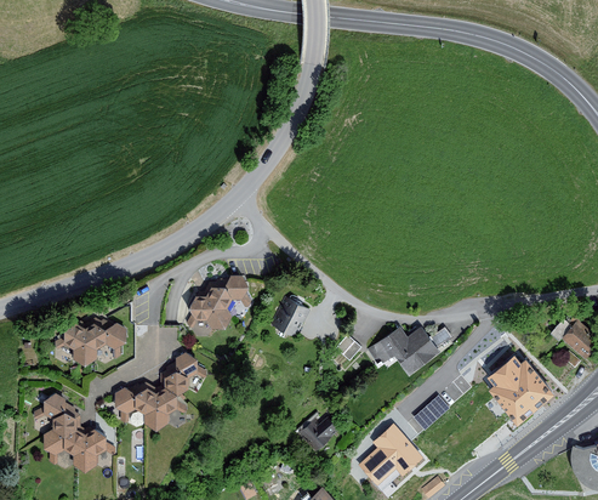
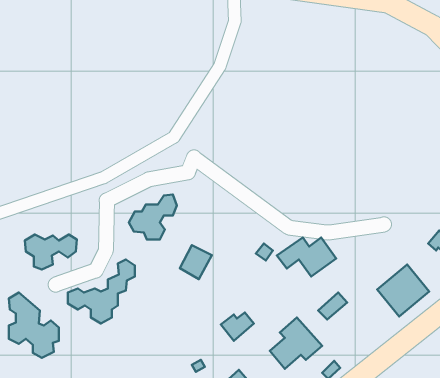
building: [273,299,312,340] -> [180,245,212,279]

